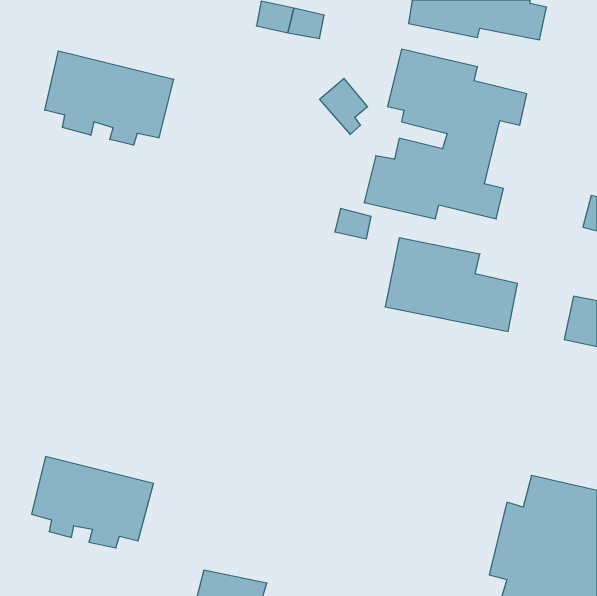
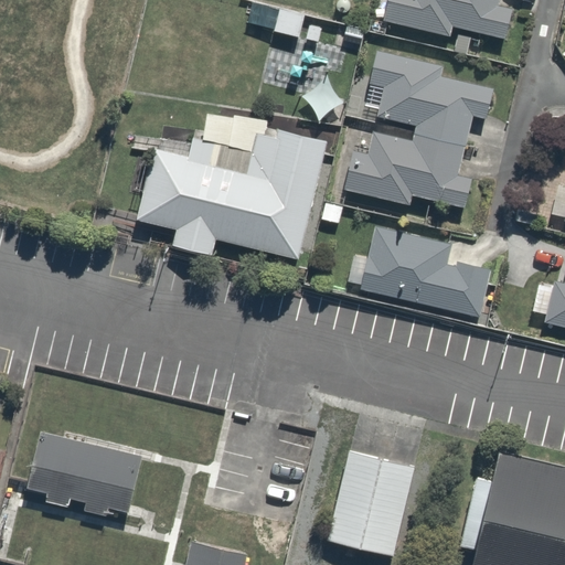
building: [45,51,174,145] -> none
building: none -> [139,110,333,259]
building: none -> [328,450,416,556]

